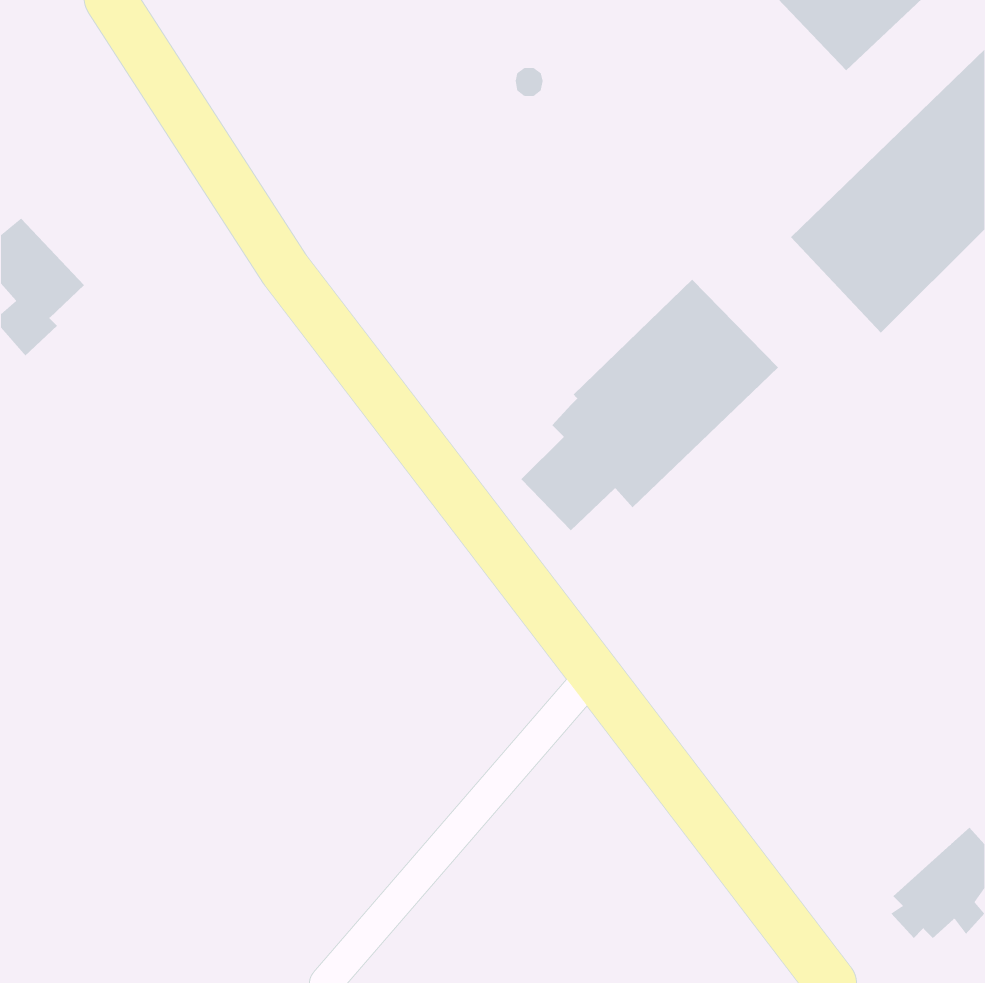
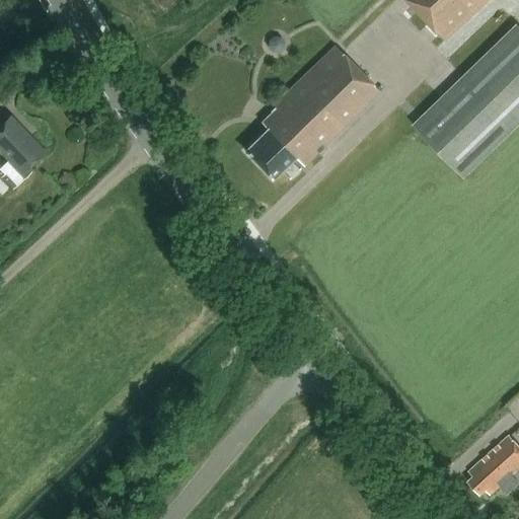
building: [521,279,779,531] -> [245,45,381,177]

